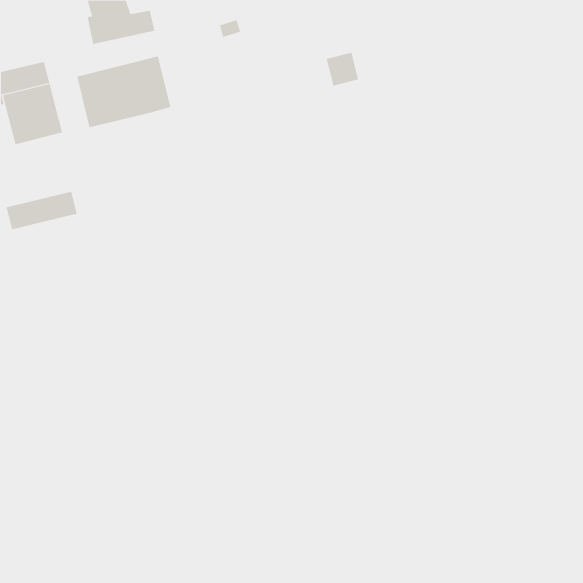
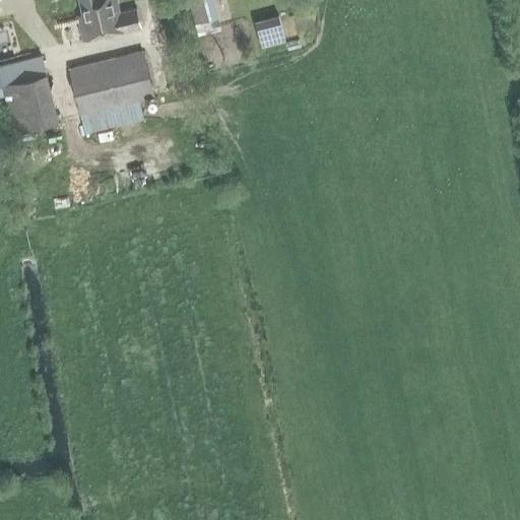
building: [326,52,359,86] -> [255,15,284,46]
building: [6,191,78,230] -> [79,100,143,134]

